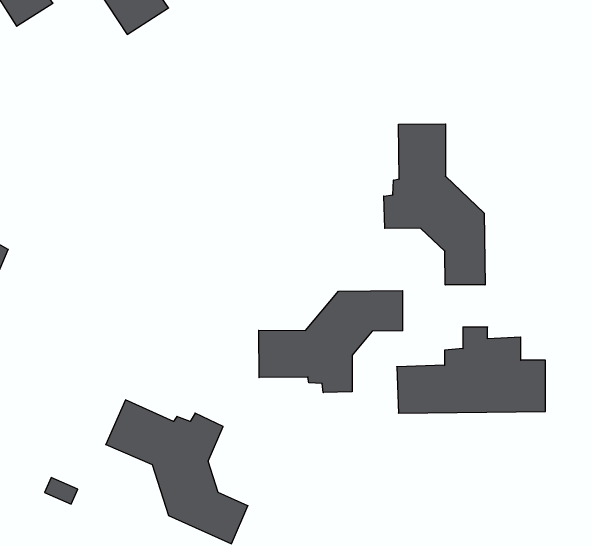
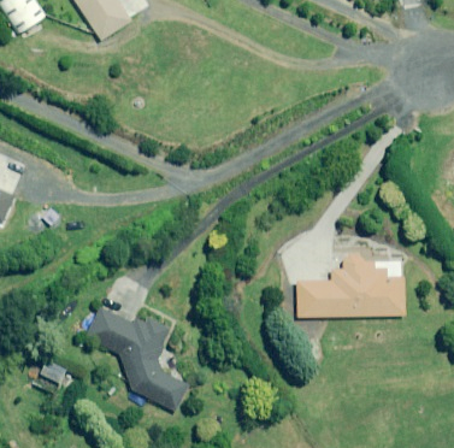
building: [384,124,485,285] -> none
building: [259,291,403,393] -> none

